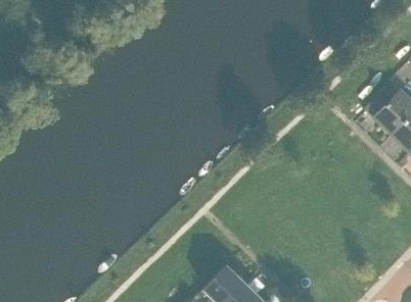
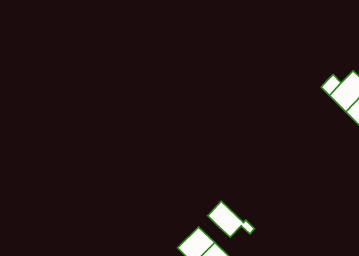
building: none -> [208,201,254,237]

